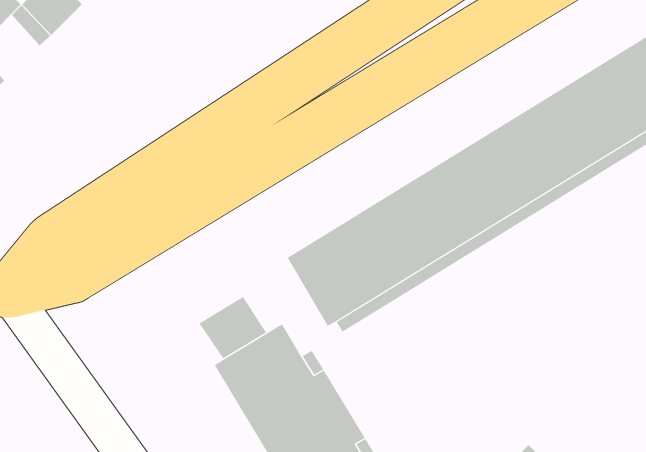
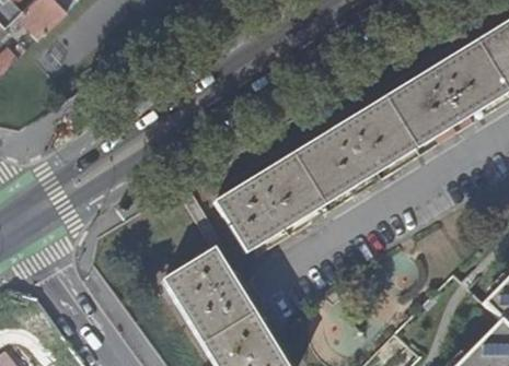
building: [199,296,267,359] -> none

